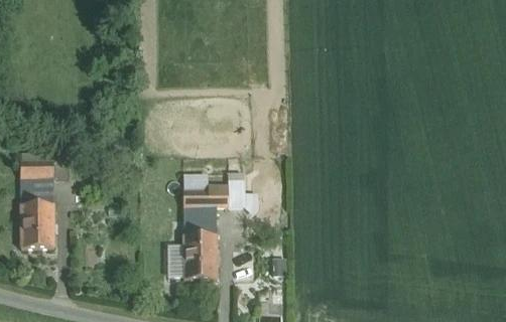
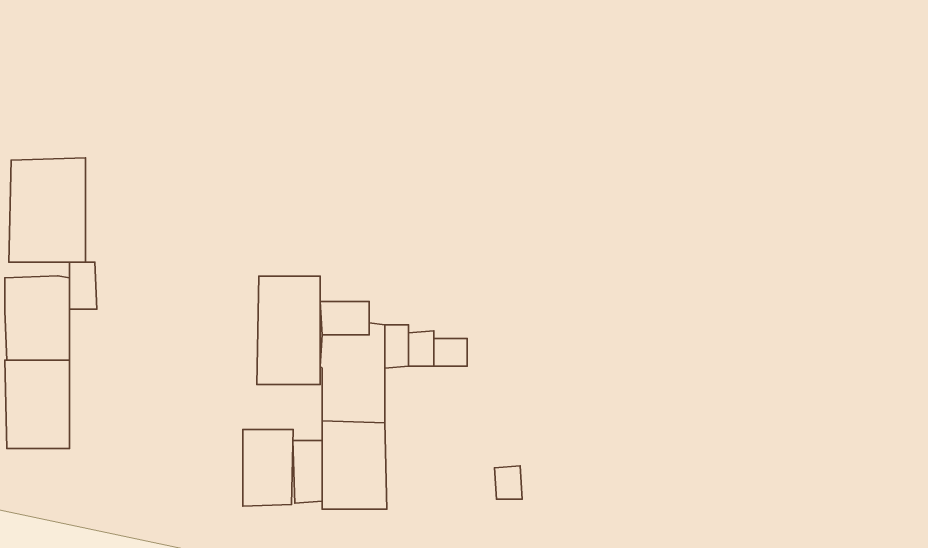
building: none -> [9,158,86,262]
building: none -> [257,276,320,384]
building: none -> [243,429,293,506]

